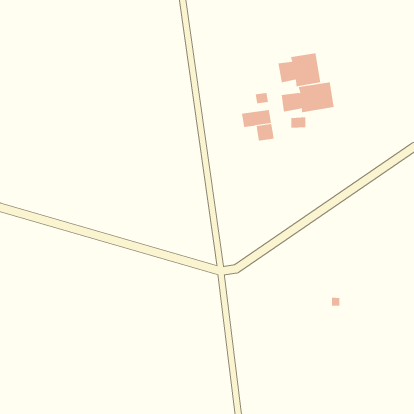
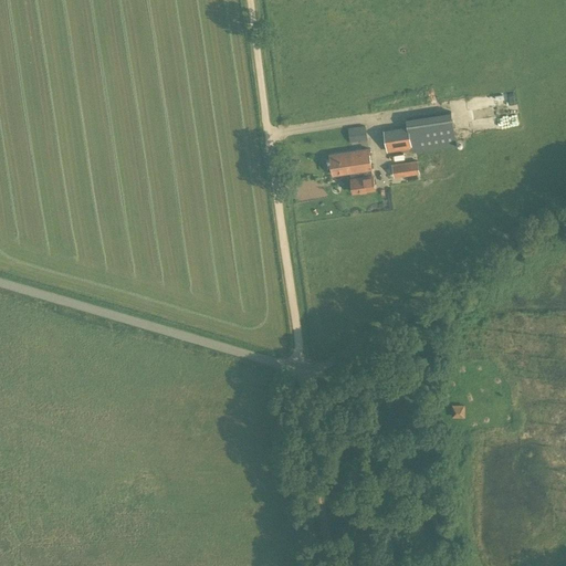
building: [278,53,321,87] -> none

